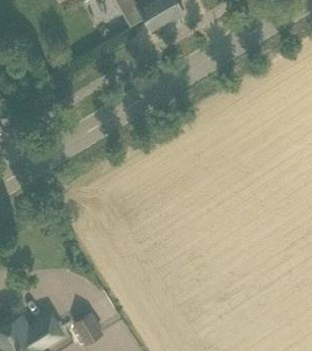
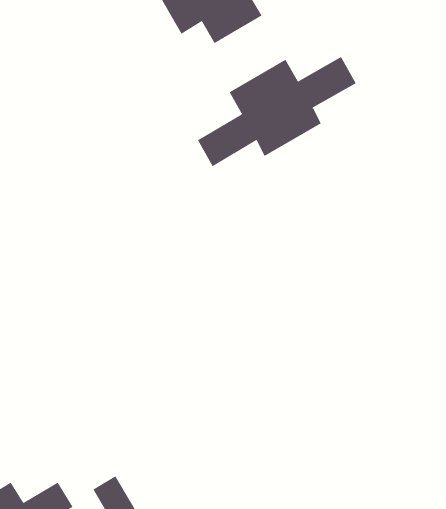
building: none -> [197,56,356,167]

